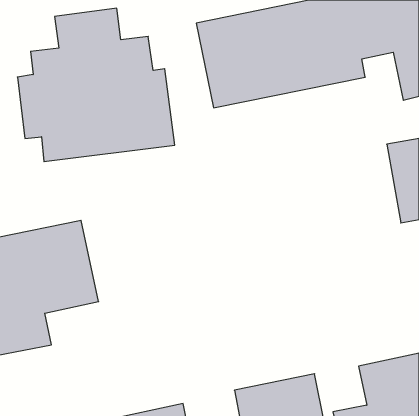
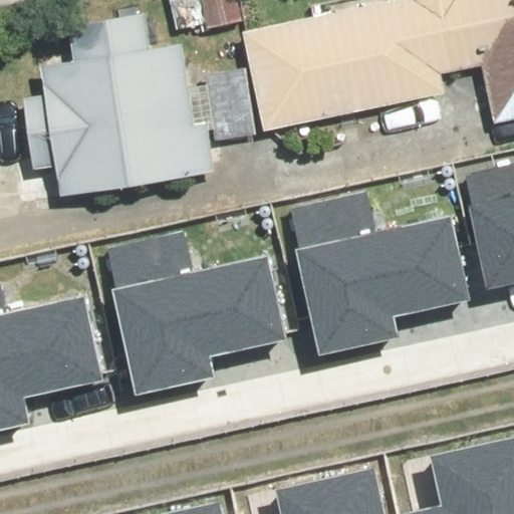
building: none -> [289,191,473,347]
building: none -> [102,229,286,386]

